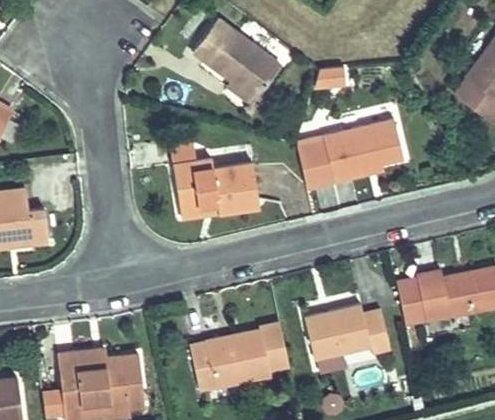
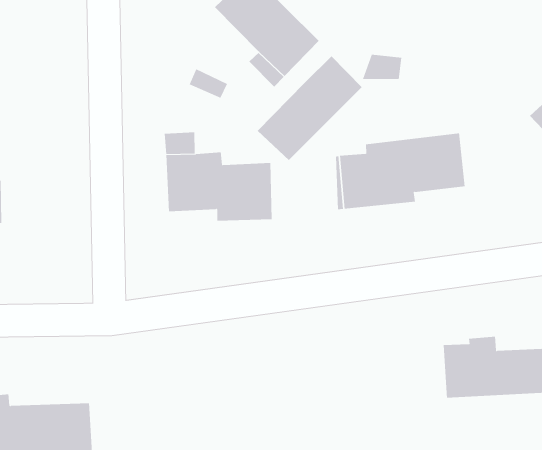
building: none -> [257,56,362,161]
building: [299,305,384,356] -> none
building: [186,320,283,384] -> none

